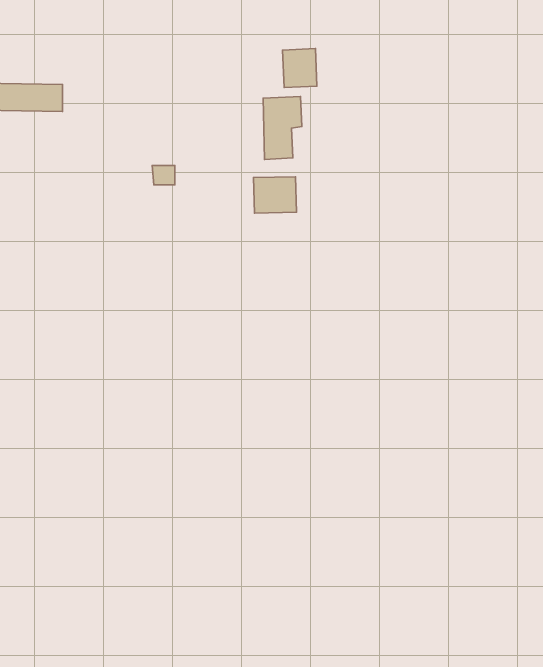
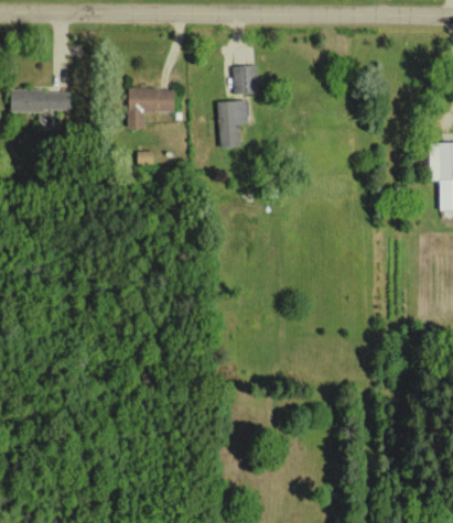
building: none -> [128,88,174,128]
building: [254,177,296,213] -> none

